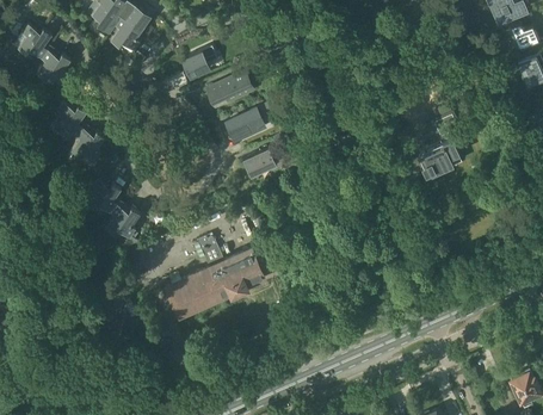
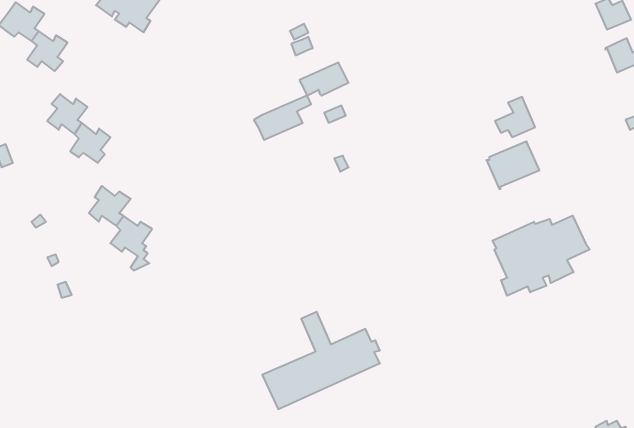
building: [183,49,211,80] -> none
building: [209,75,249,103] -> [300,63,349,96]
building: [241,148,276,178] -> none
building: none -> [493,216,590,296]
building: [165,235,263,316] -> [262,312,380,409]

